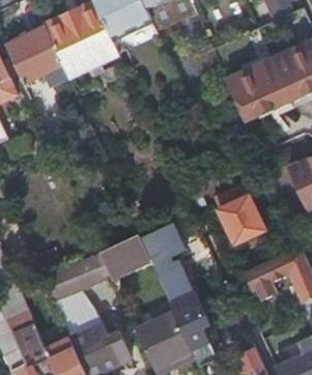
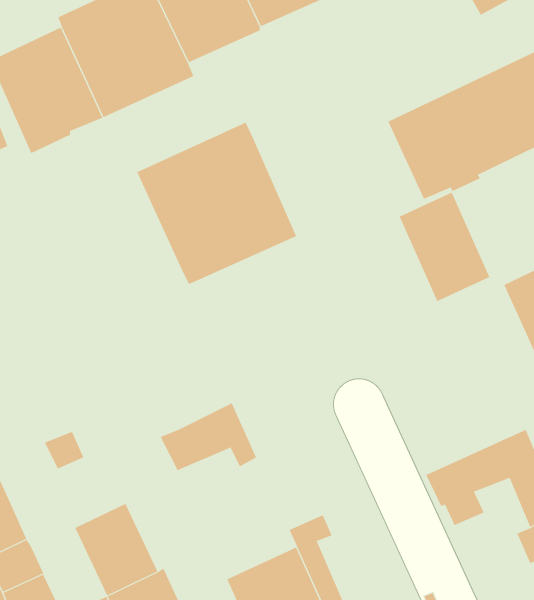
building: none -> [137,122,297,285]
building: [214,184,263,244] -> [399,192,490,302]
building: [144,229,194,302] -> none
building: [40,251,111,301] -> none

